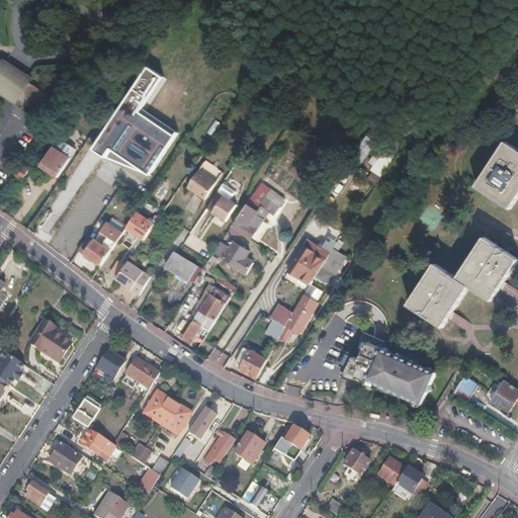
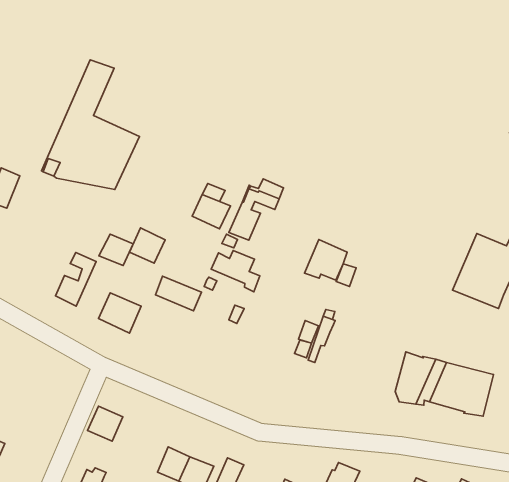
building: [189,165,220,195] -> [130,228,165,263]
building: [200,291,228,318] -> none
building: [180,320,207,346] -> none
building: [33,324,69,361] -> none
building: [239,348,267,377] -> none
building: [119,355,158,385] -> none

